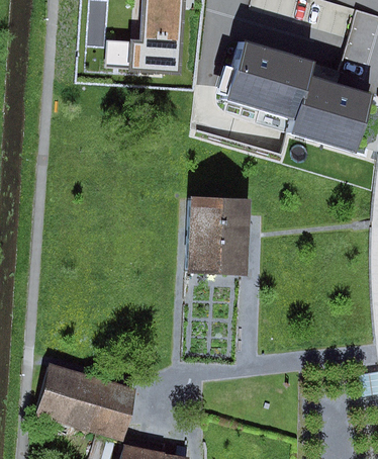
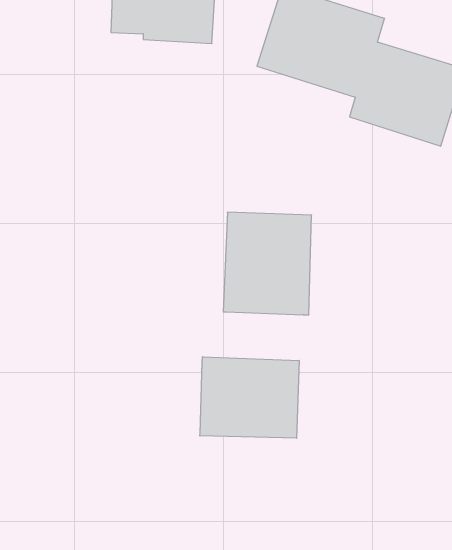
building: none -> [200,357,299,438]
building: [39,370,132,435] -> none

